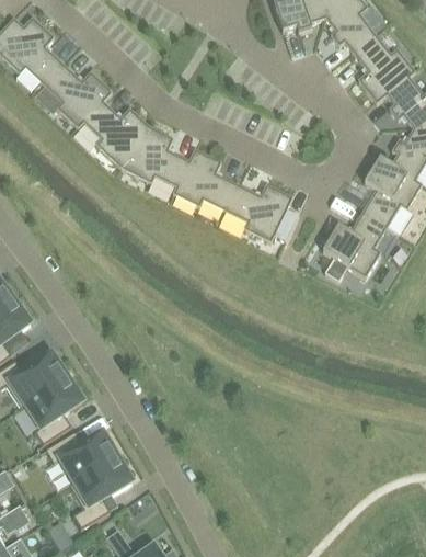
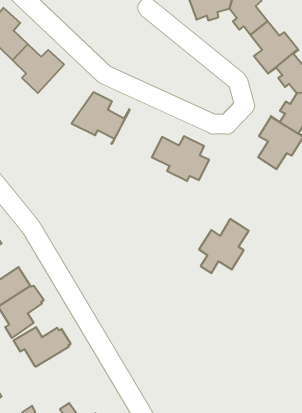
building: [77,90,149,167] -> none
building: [173,149,238,211] -> none
building: [322,211,387,281] -> [199,219,249,273]
building: [68,456,131,528] -> none

